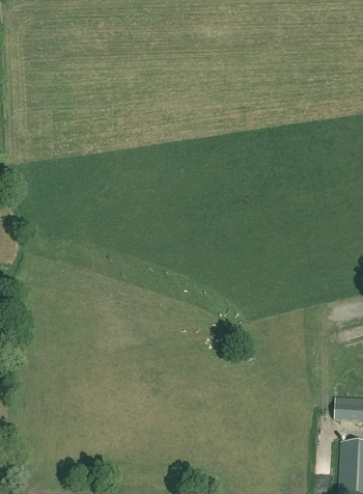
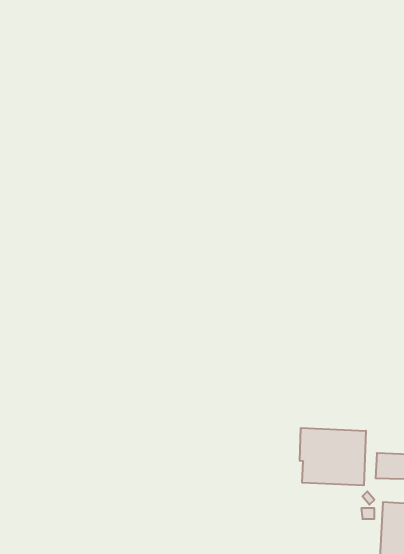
building: none -> [300,428,366,485]

